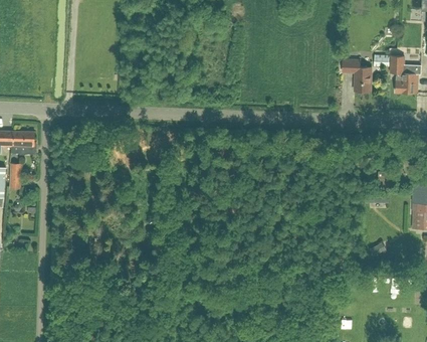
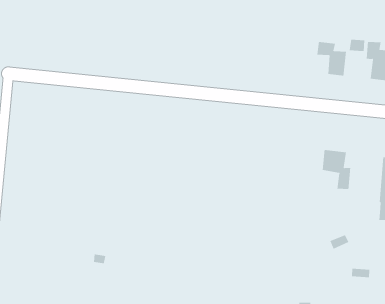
building: none -> [322,149,351,190]

